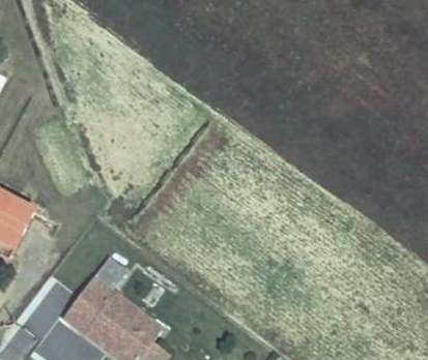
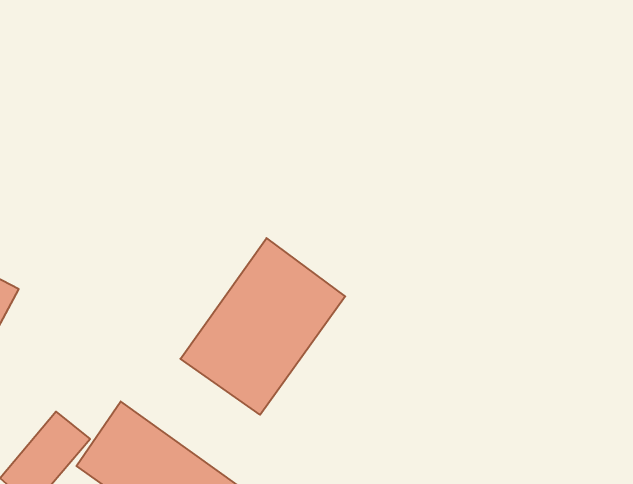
building: none -> [180,238,345,415]

